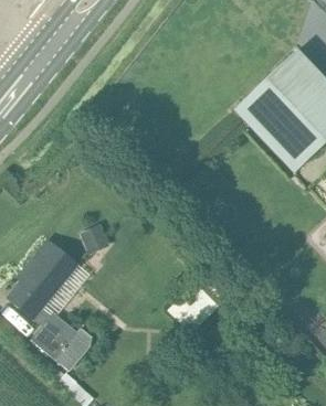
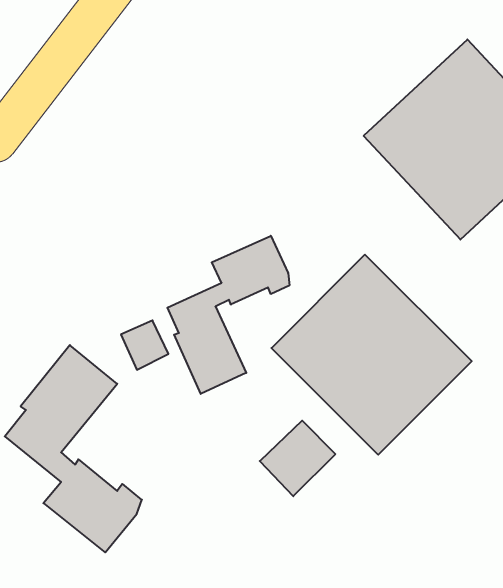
building: none -> [167,236,289,394]
building: none -> [271,255,472,455]

